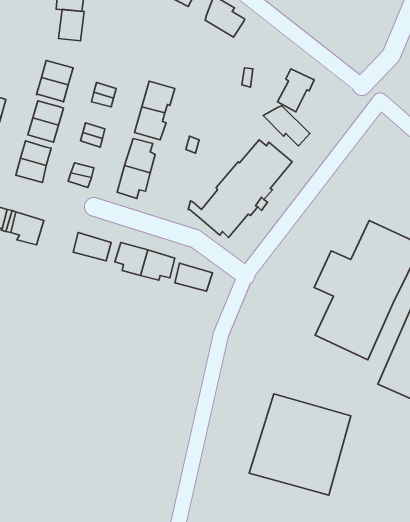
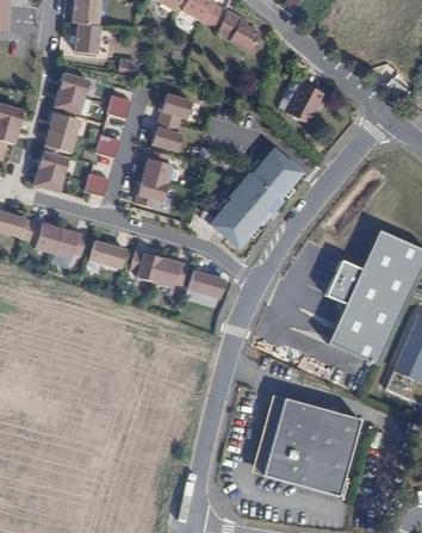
building: [263,106,310,145] -> none
building: none -> [54,229,87,259]

